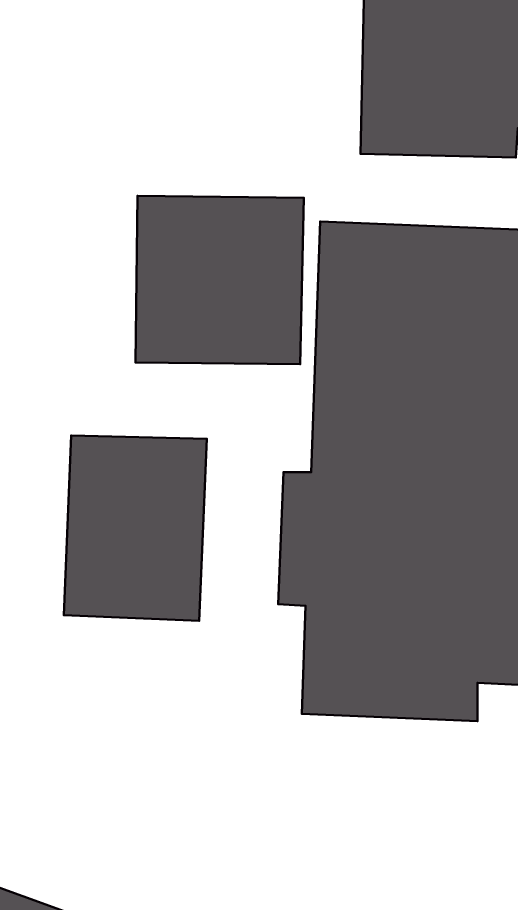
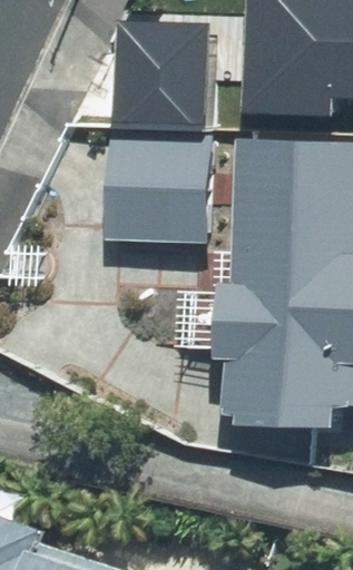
building: none -> [124,14,217,112]
building: [64,435,207,621] -> none

